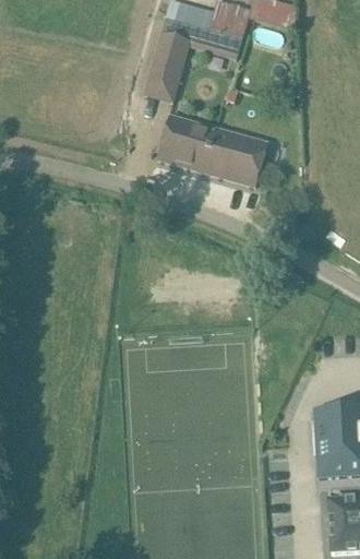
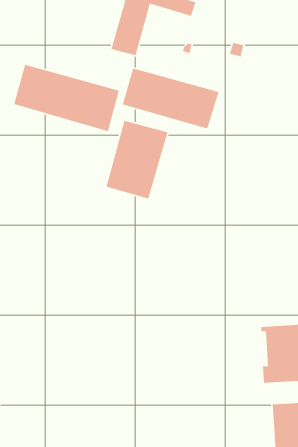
building: none -> [13,64,120,132]
building: none -> [105,120,169,199]

